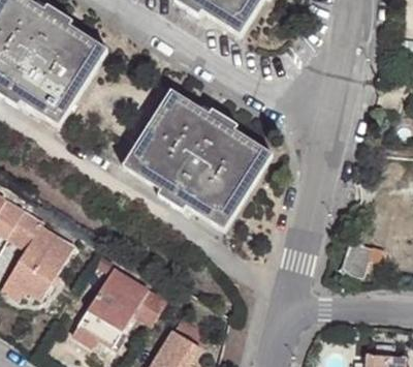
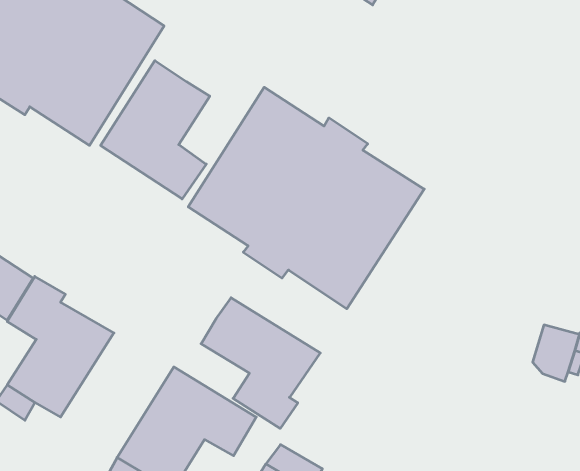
building: none -> [101,61,210,199]
building: none -> [201,298,320,428]

